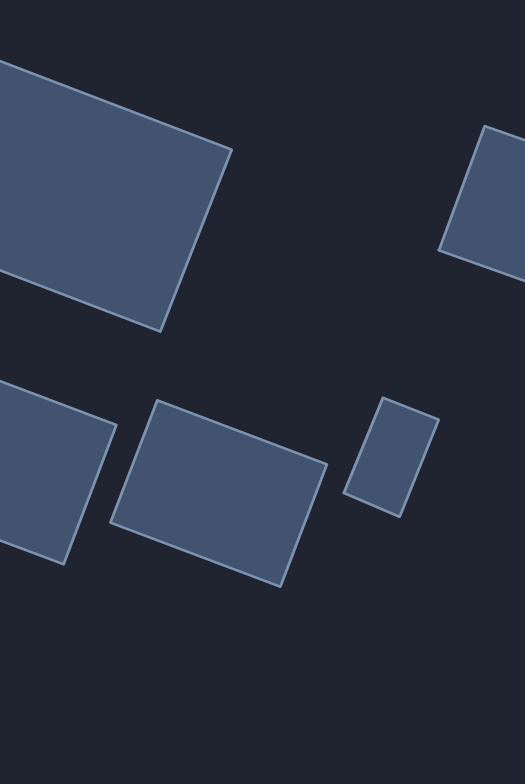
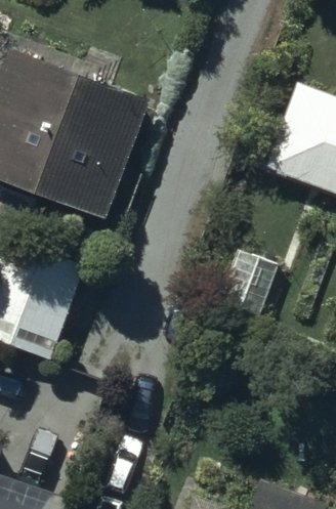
building: [111,400,327,587] -> none

